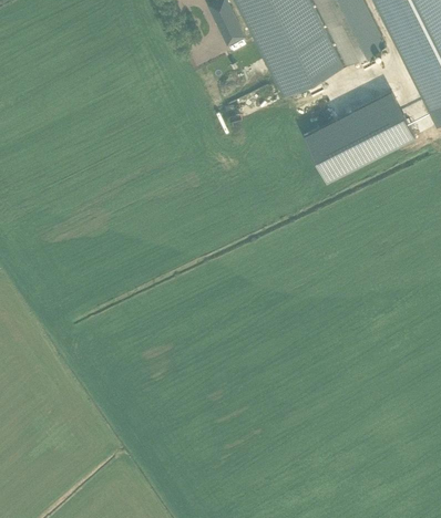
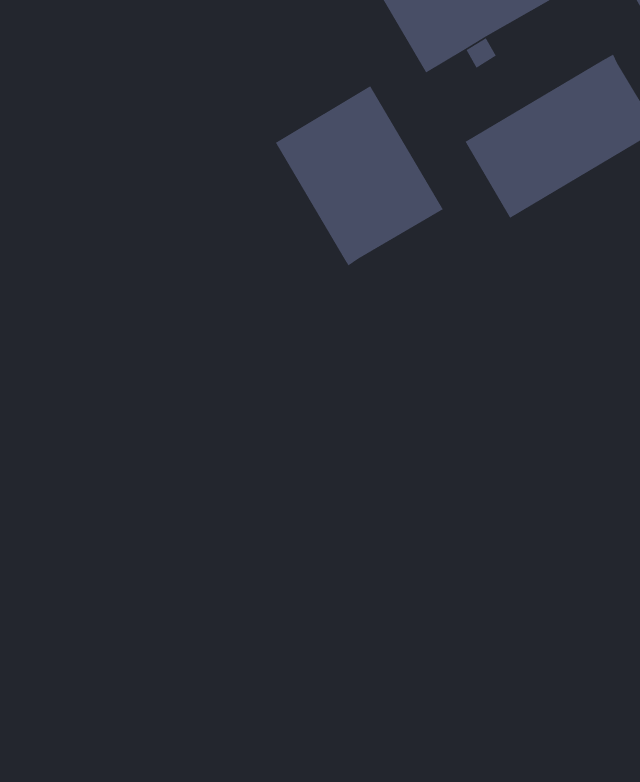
building: none -> [275,85,444,267]

